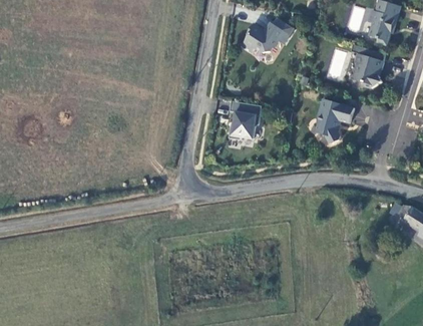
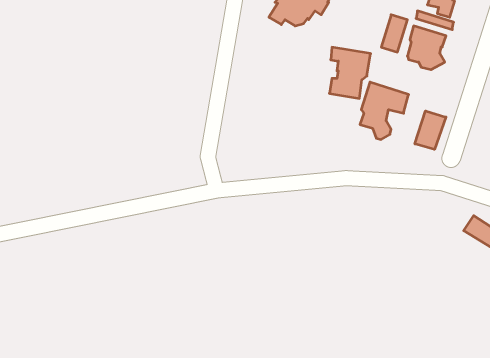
building: [229,101,262,142] -> [329,47,371,98]
building: none -> [415,111,446,149]

